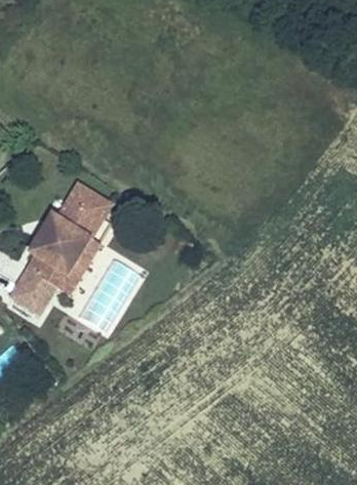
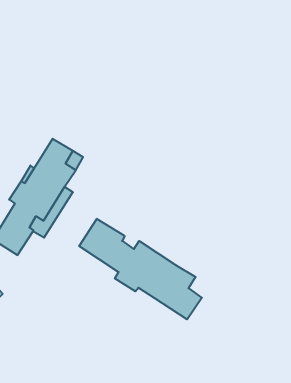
building: none -> [79,219,202,319]

